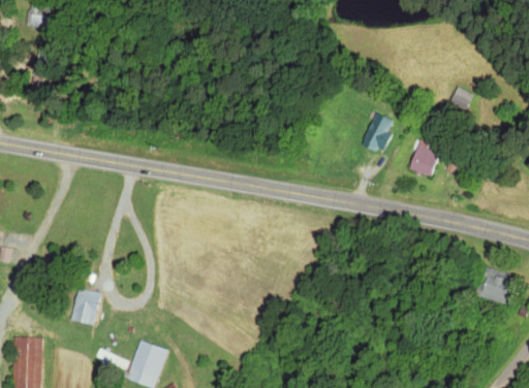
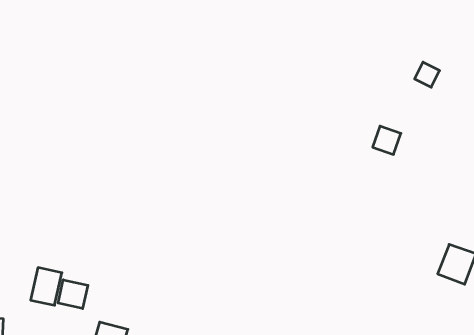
building: [365,114,395,153] -> none
building: none -> [58,280,88,309]

